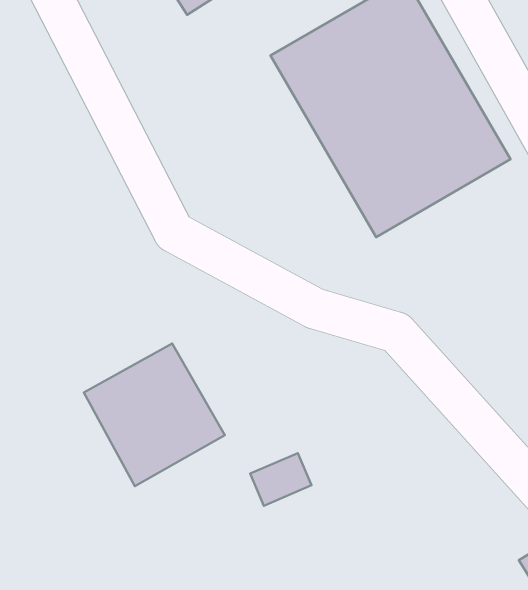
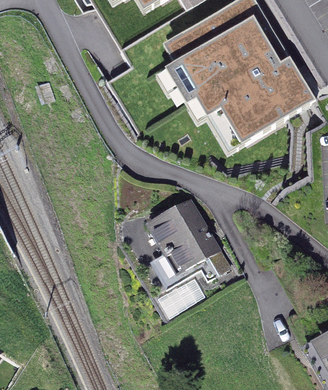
building: [84,343,225,486] -> [135,198,218,282]

